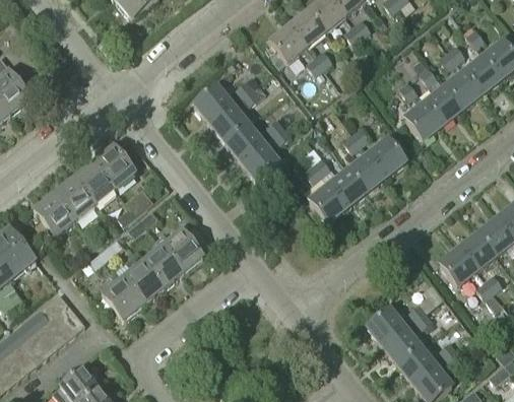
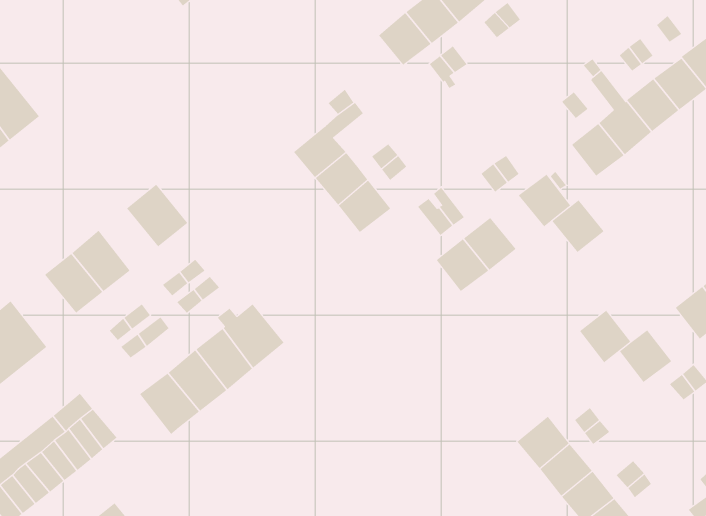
building: [194,84,232,122] -> none
building: [348,152,386,190] -> [551,200,605,253]
building: [72,161,114,205] -> none
building: [459,231,496,269] -> [579,310,631,363]

